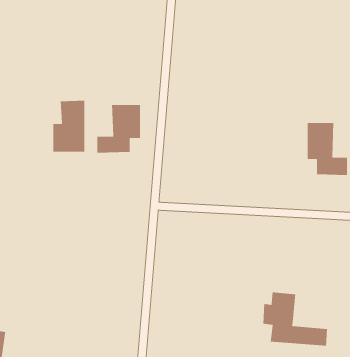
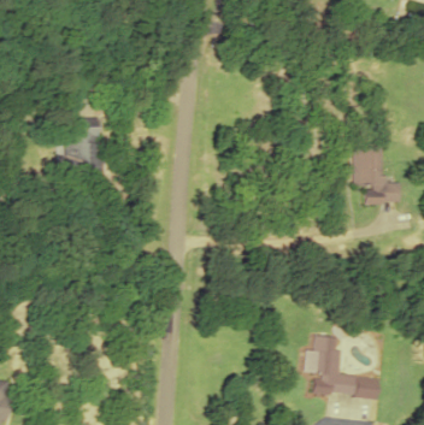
building: [97,104,141,153] -> none

